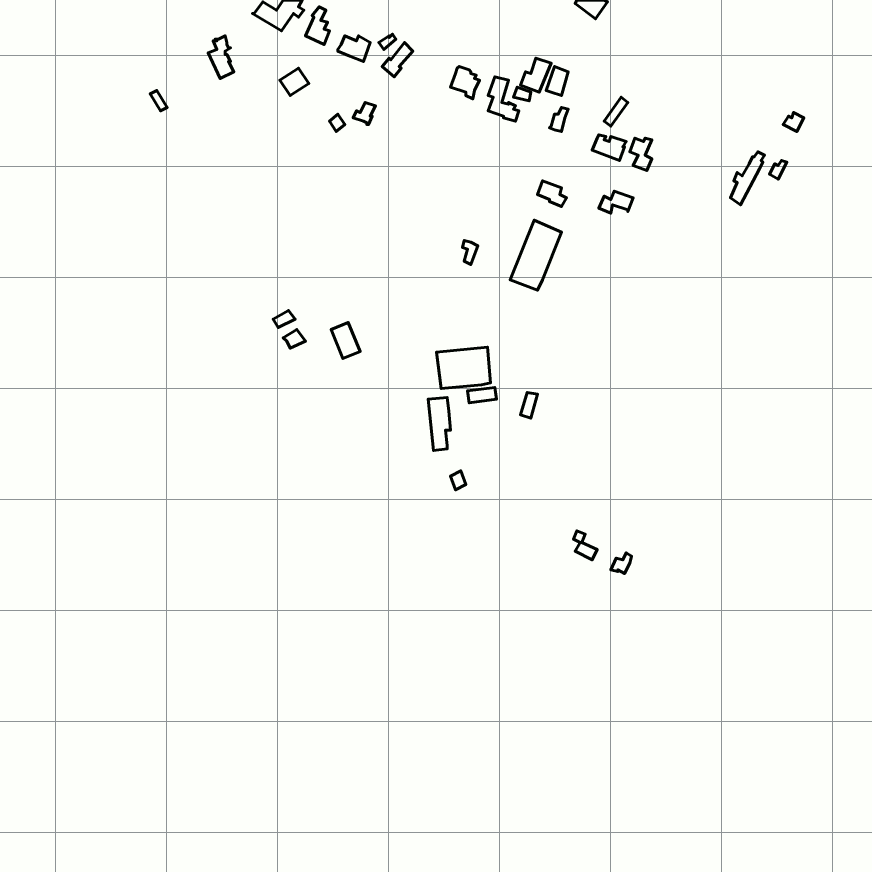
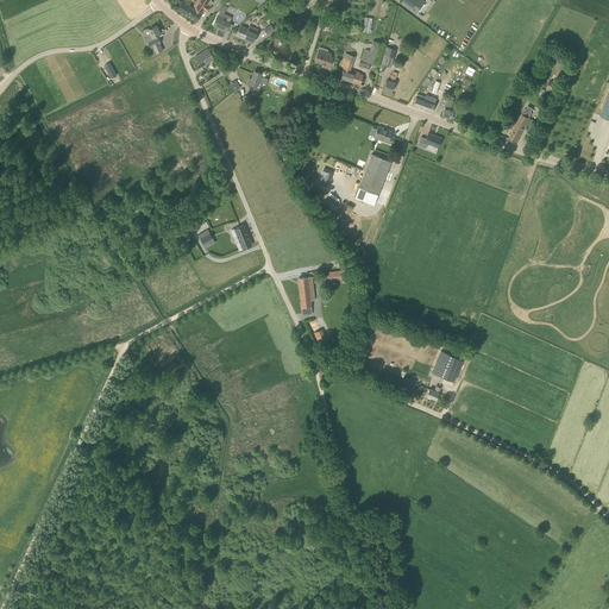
building: [437,347,490,389] -> none
building: none -> [432,351,463,382]

